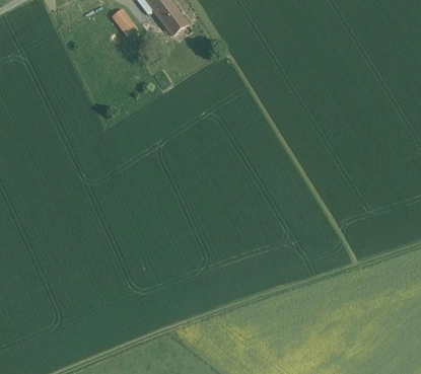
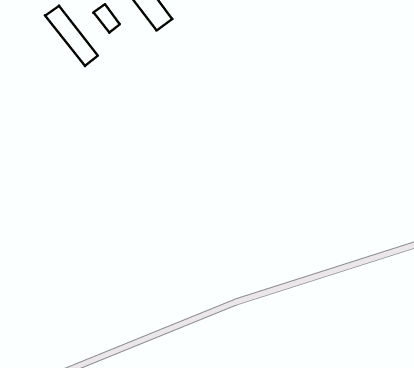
building: none -> [45,6,98,66]

